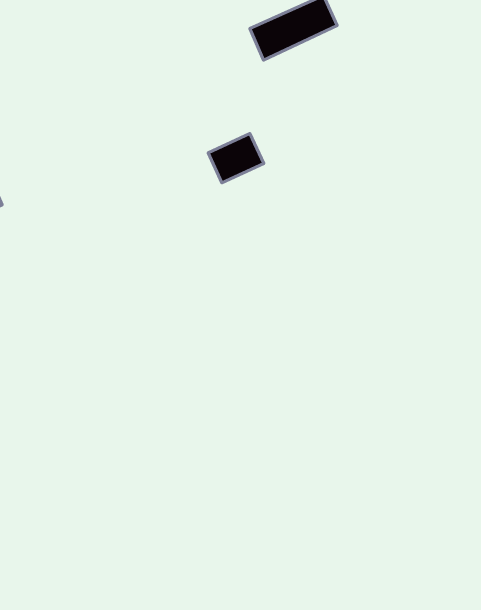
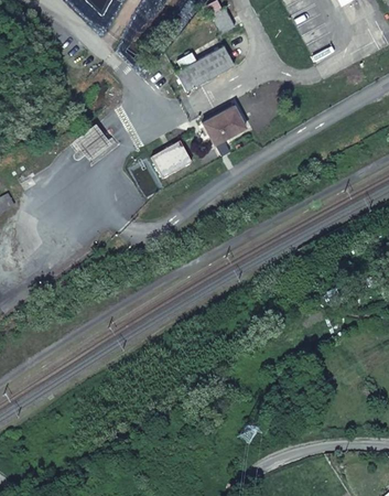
building: none -> [203,106,245,143]

